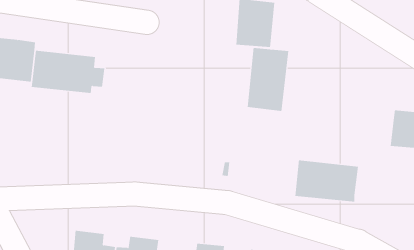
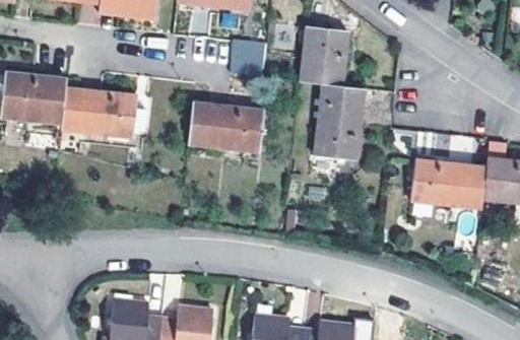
building: none -> [229,39,264,76]
building: none -> [187,101,264,153]
building: [295,160,359,202] -> [410,158,485,208]

